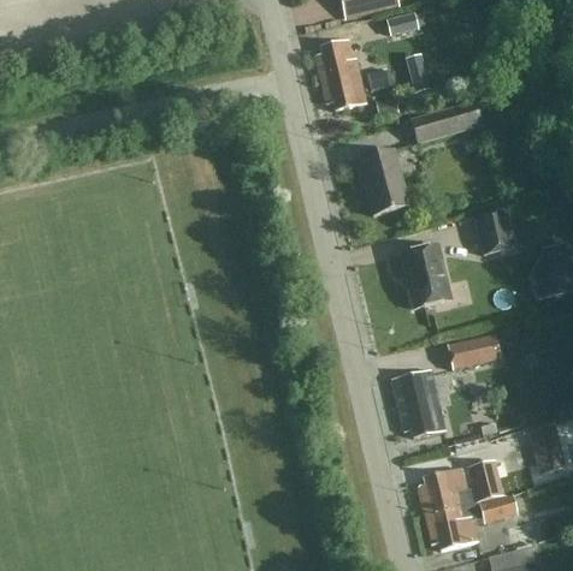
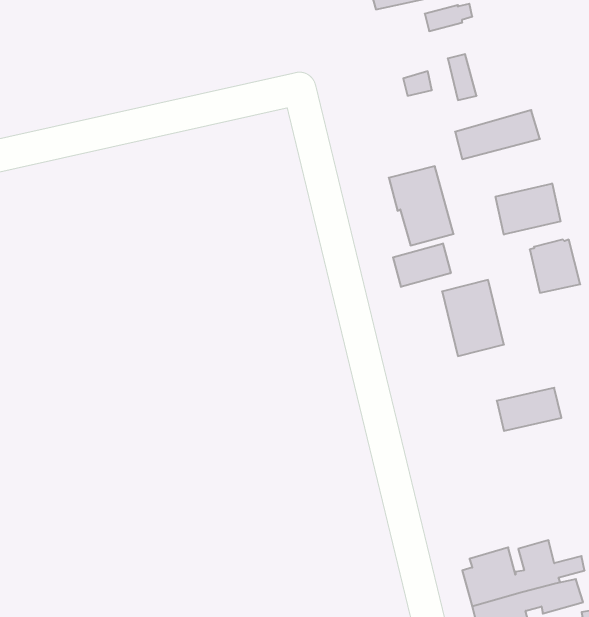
building: [315,38,365,109] -> none
building: none -> [496,183,561,235]
building: none -> [393,243,451,287]
building: [390,368,444,438] -> none

